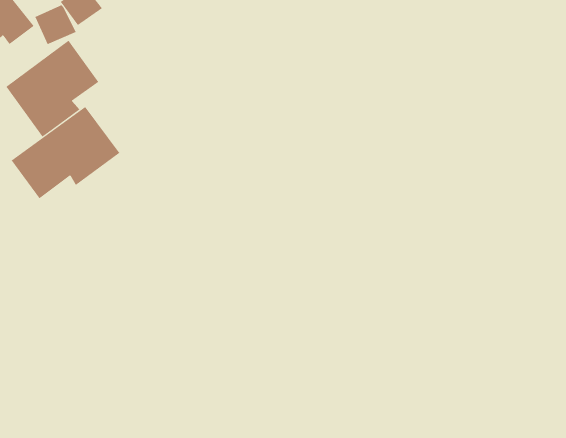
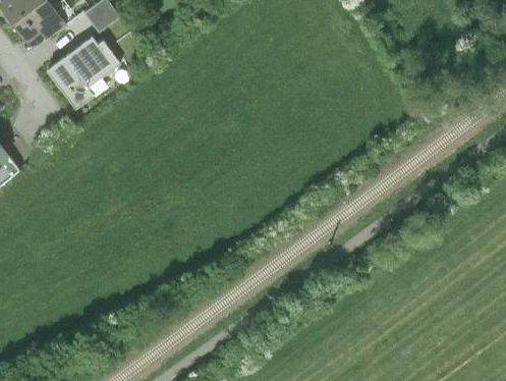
building: [11,106,120,199] -> none

